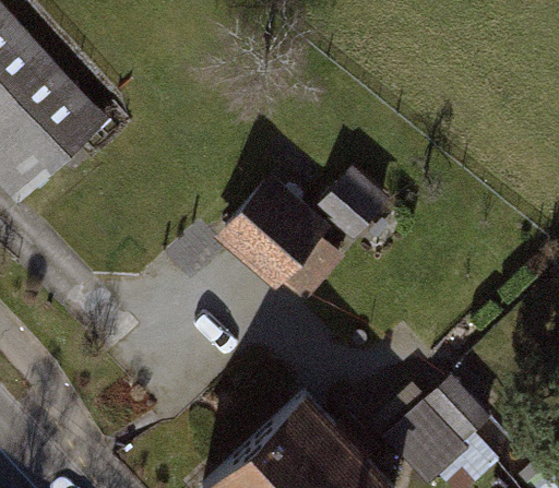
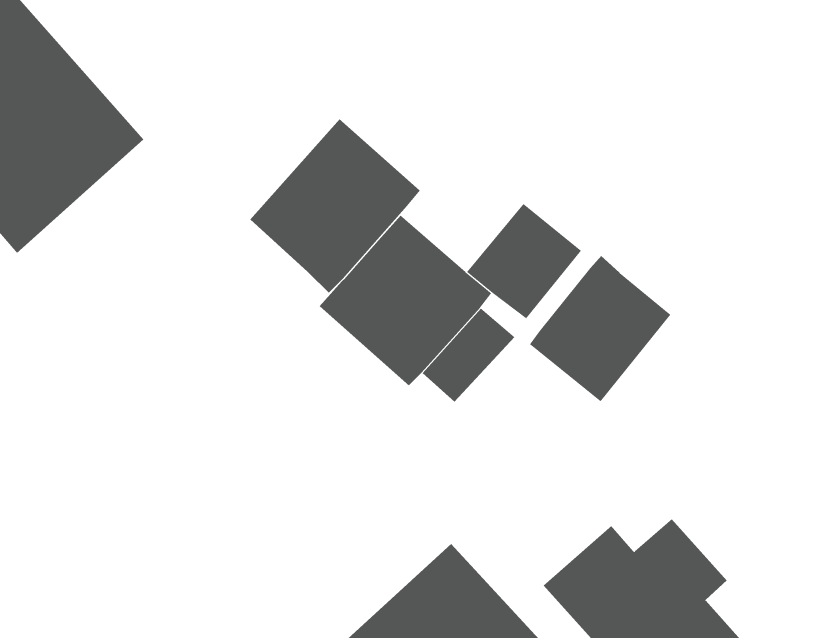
building: none -> [250,118,420,294]
building: none -> [529,255,671,402]

